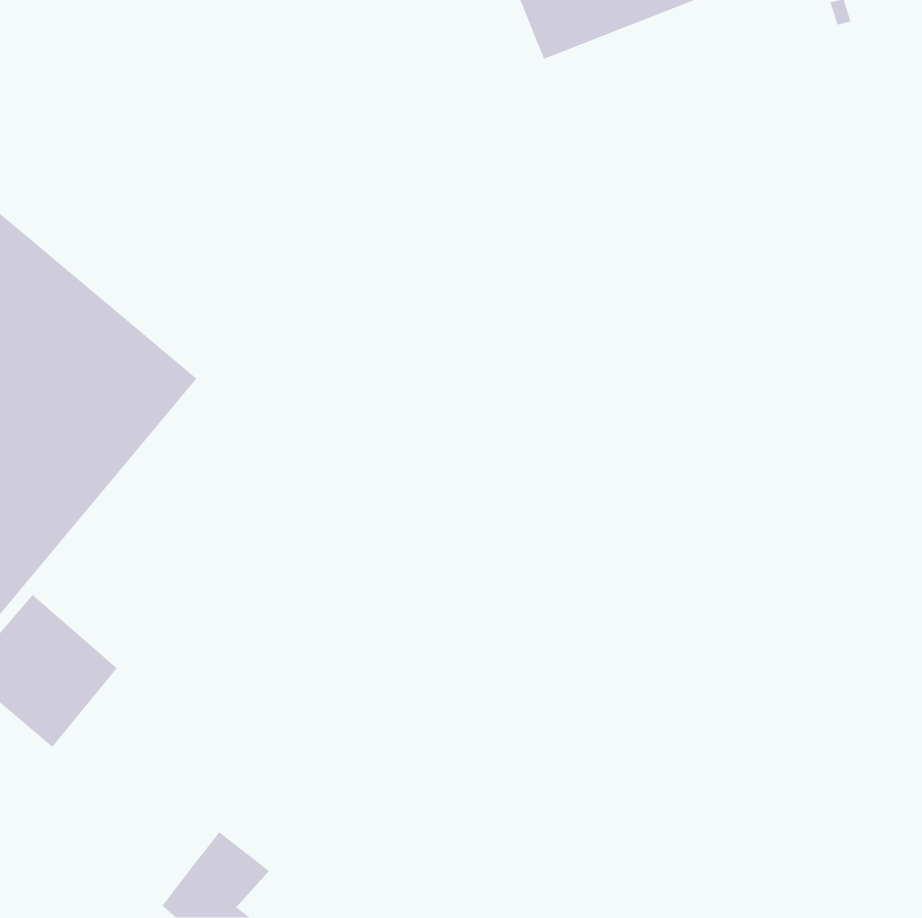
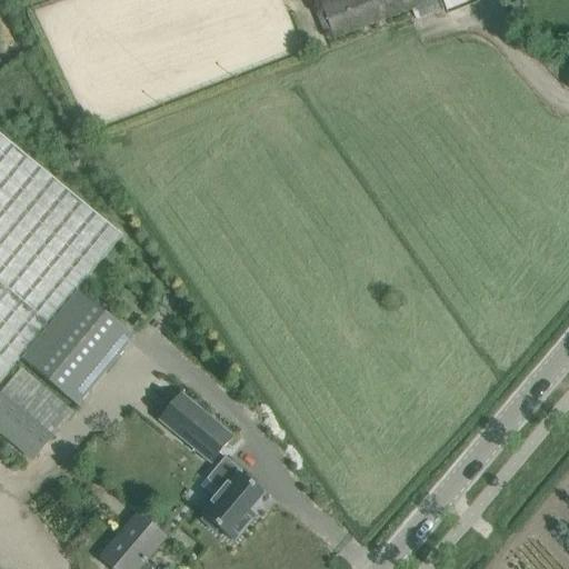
building: none -> [21,289,133,403]
building: none -> [159,391,231,459]
building: none -> [202,453,262,538]

